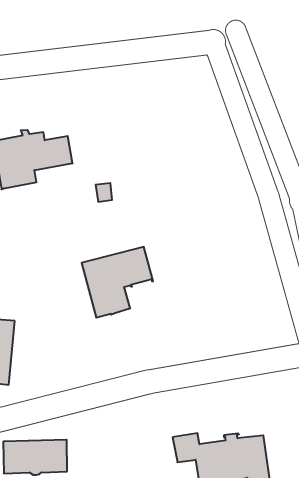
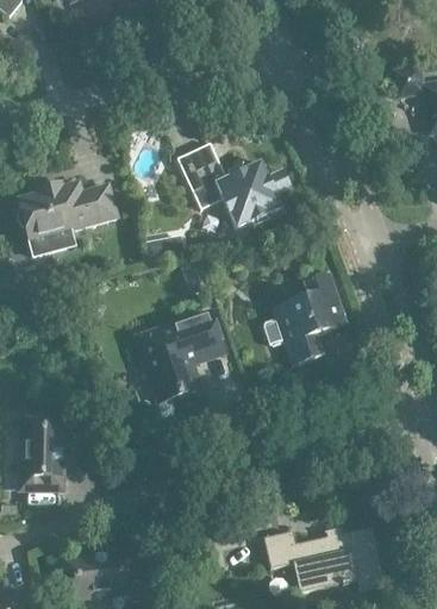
building: none -> [176,143,281,228]
building: none -> [263,274,345,365]

